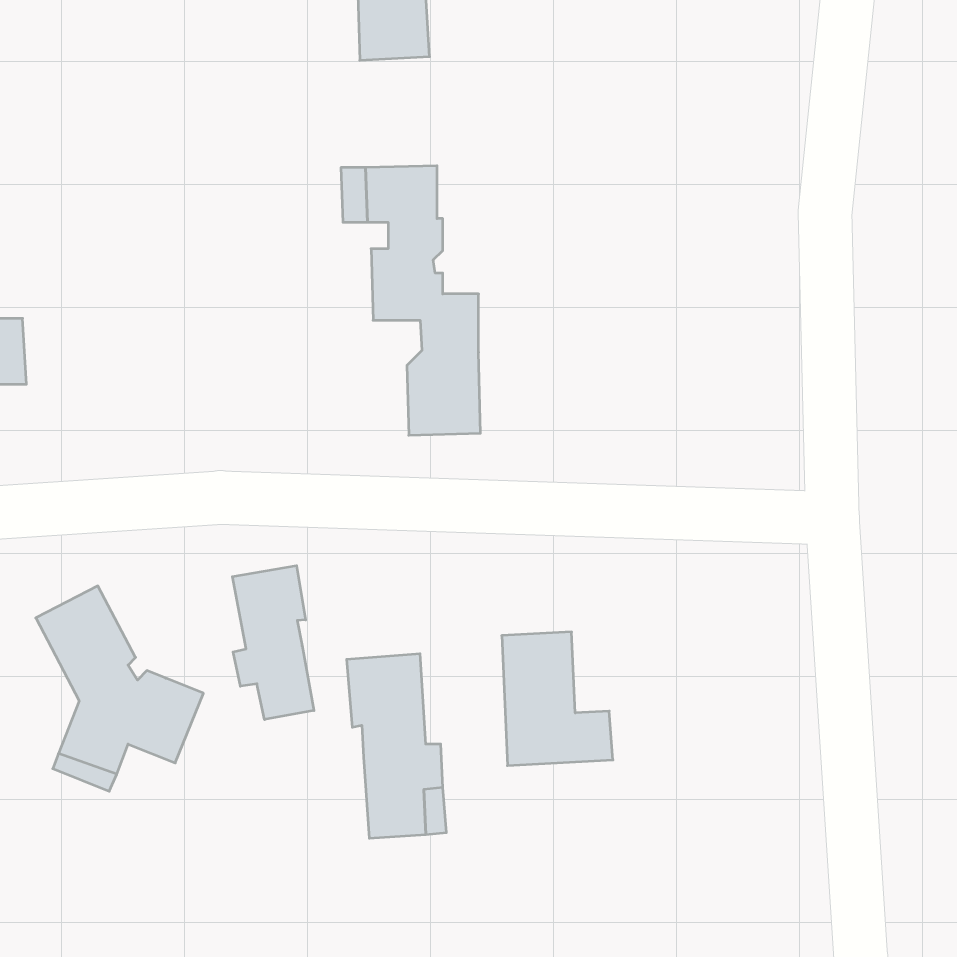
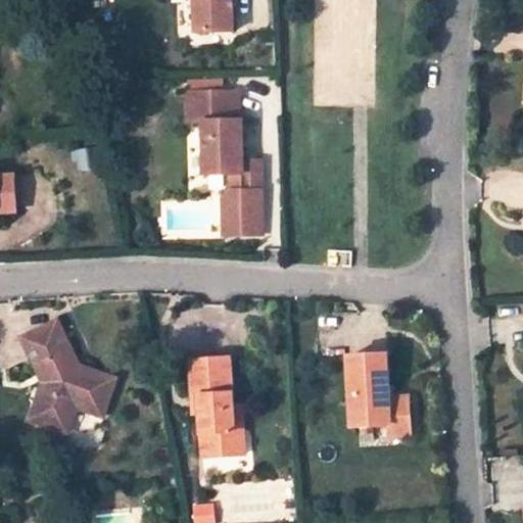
building: [232,566,314,720] -> none
building: [502,632,613,766] -> [349,358,410,430]

